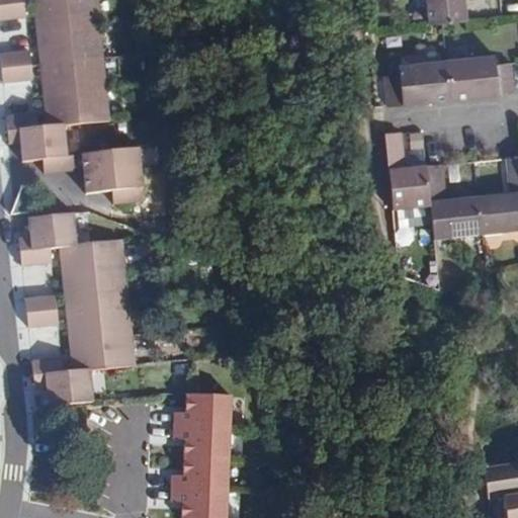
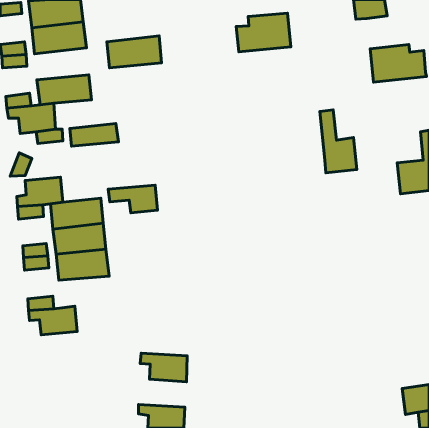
building: [41,58,107,96] -> [107,36,162,68]
building: [384,59,450,105] -> [236,13,291,52]
building: [426,165,483,239] -> none
building: [86,171,146,204] -> [108,185,158,213]
building: [71,333,135,371] -> none
building: [170,395,228,429] -> none
building: [167,457,225,491] -> none

